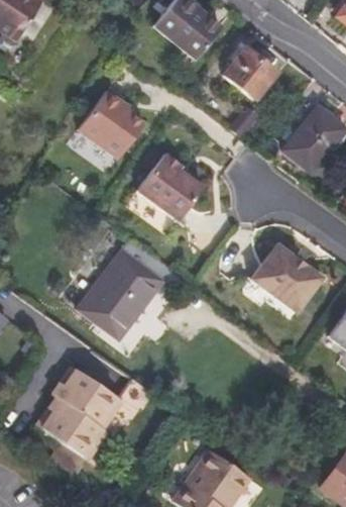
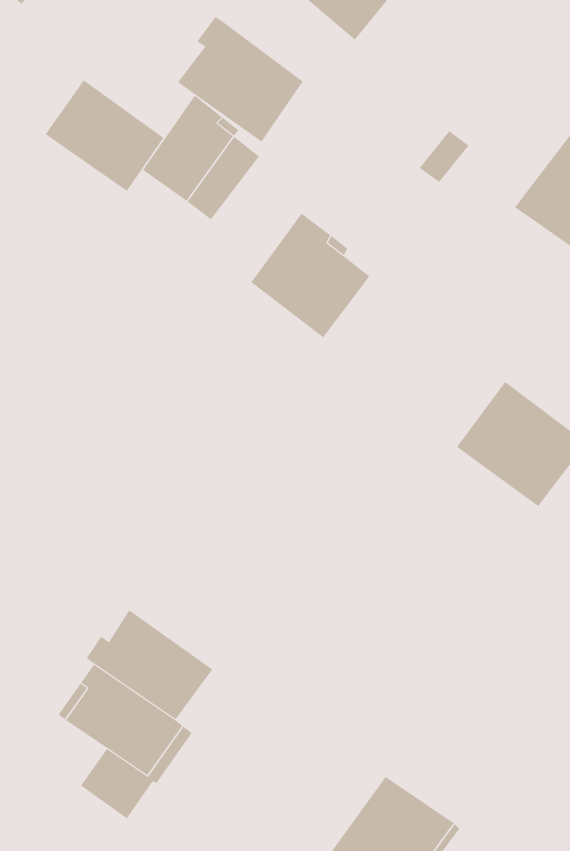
building: none -> [177,16,304,142]
building: [224,47,276,98] -> none
building: none -> [45,79,164,192]
building: [77,236,170,338] -> none

